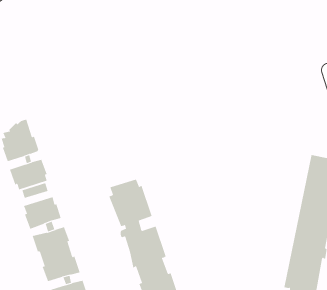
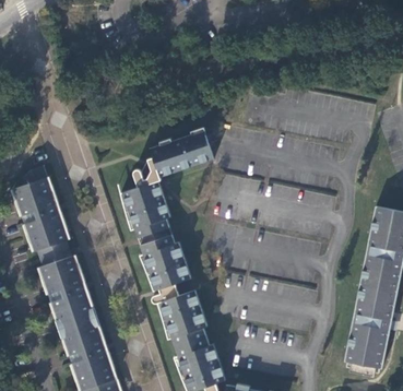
building: none -> [120,129,213,237]

